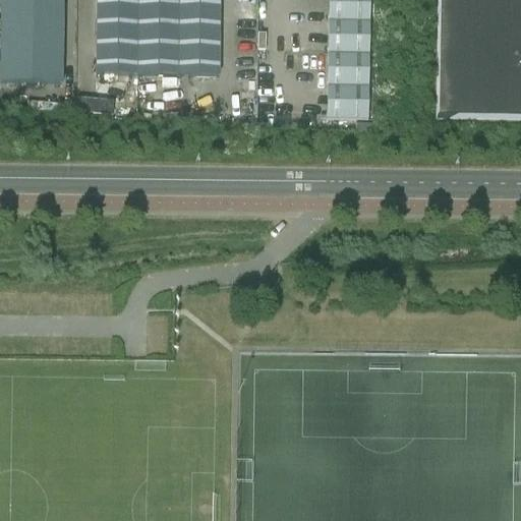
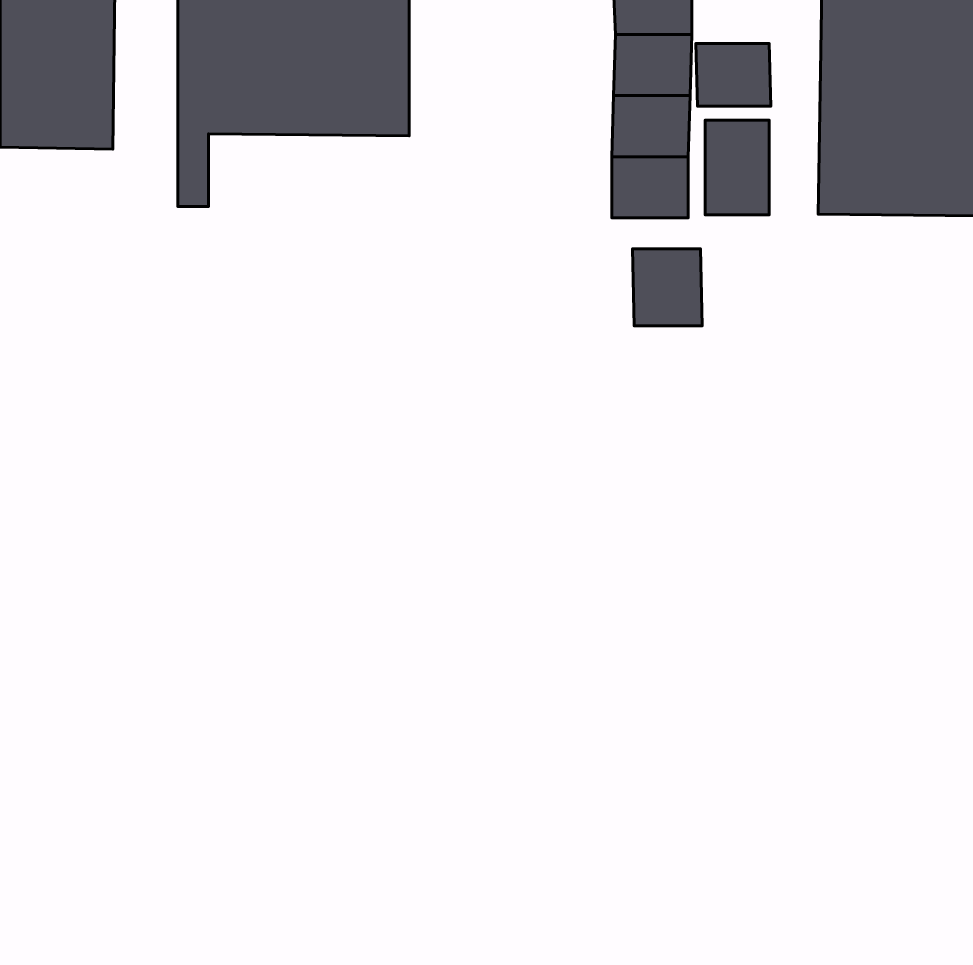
building: none -> [696,43,771,106]
building: none -> [705,120,769,215]
building: none -> [632,249,702,326]

